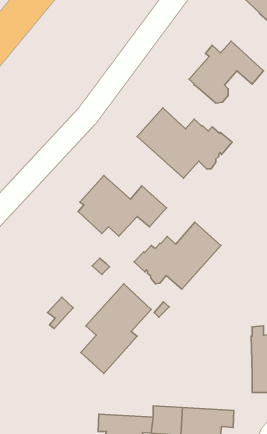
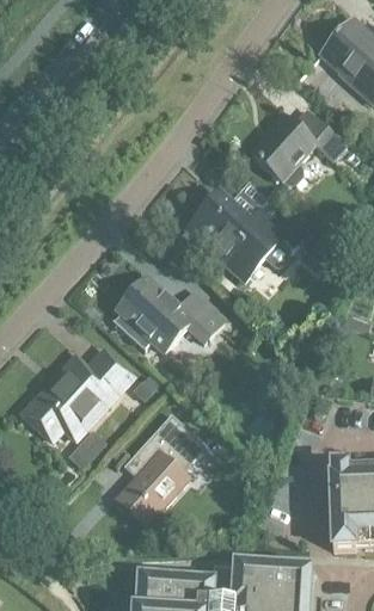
building: [134,222,221,289] -> none
building: none -> [23,351,130,438]

